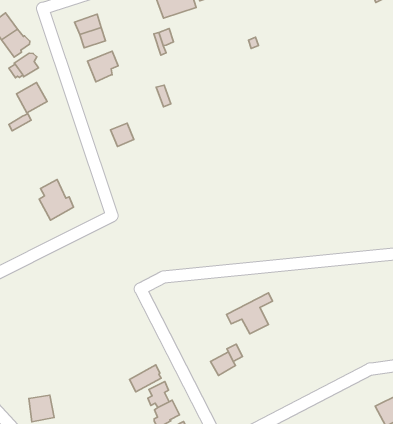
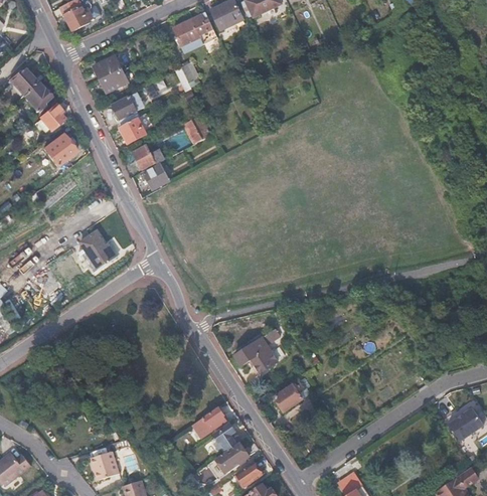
building: none -> [120,117,147,144]
building: none -> [132,143,163,170]
building: [227,293,272,334] -> [234,329,280,373]

